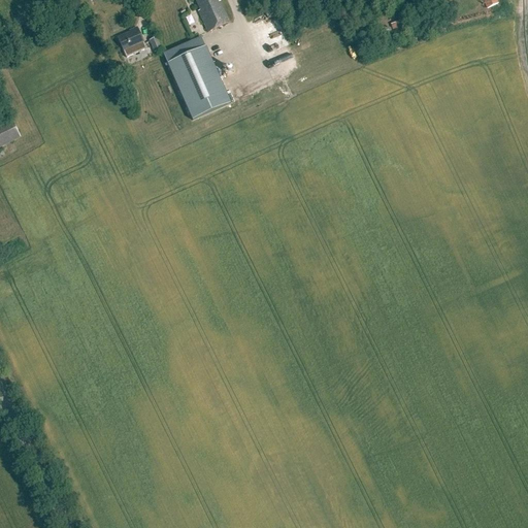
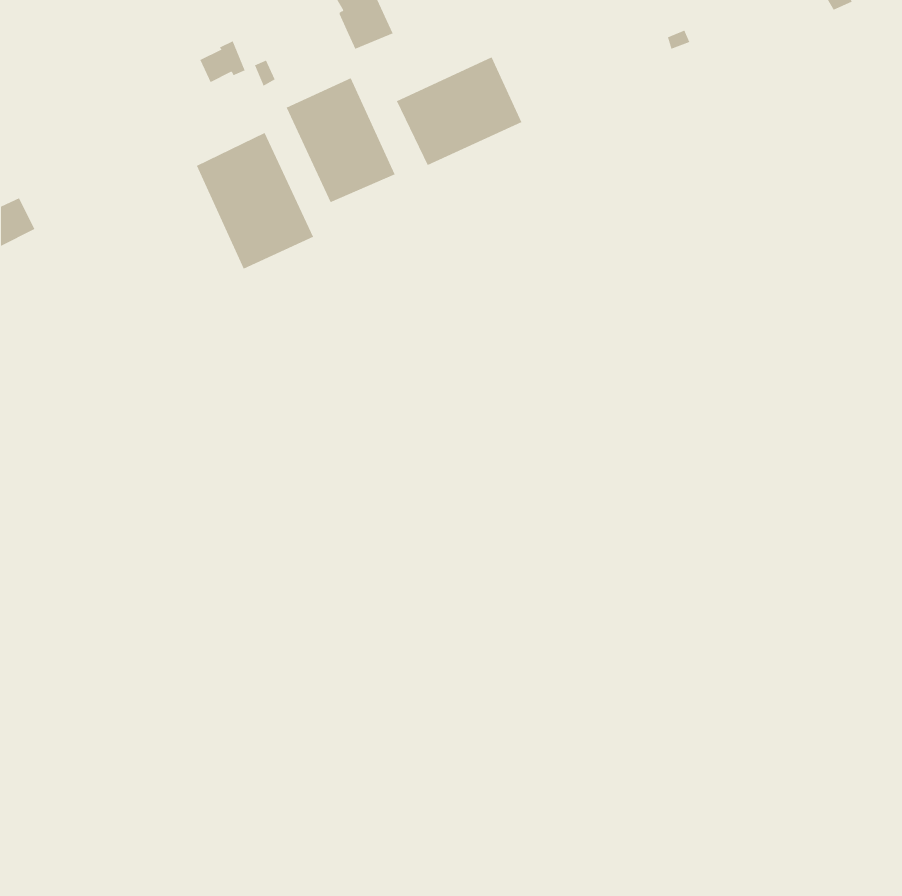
building: none -> [396,57,522,166]
building: none -> [196,132,314,269]

